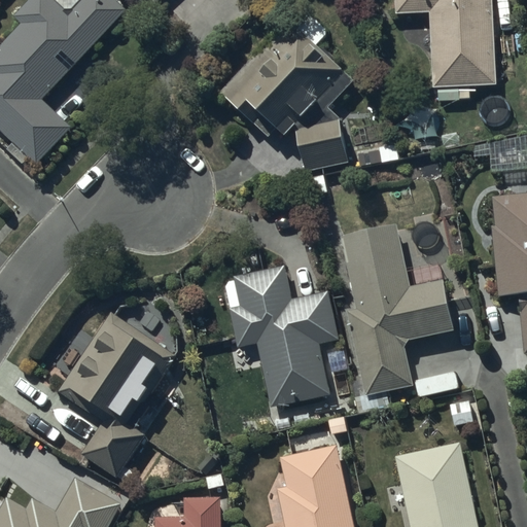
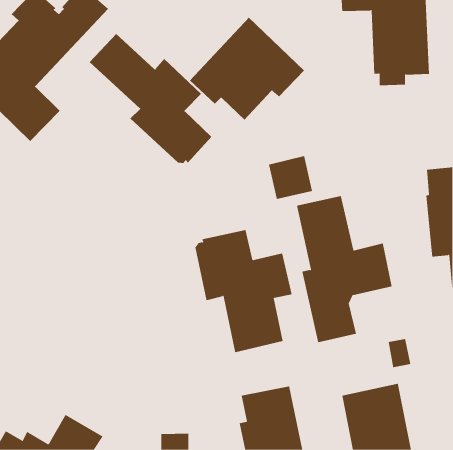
building: none -> [89,33,212,164]
building: [295,120,347,171] -> [268,156,313,199]
building: [60,313,176,480] -> none

